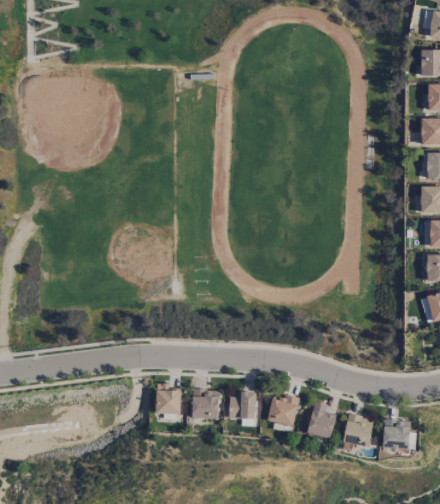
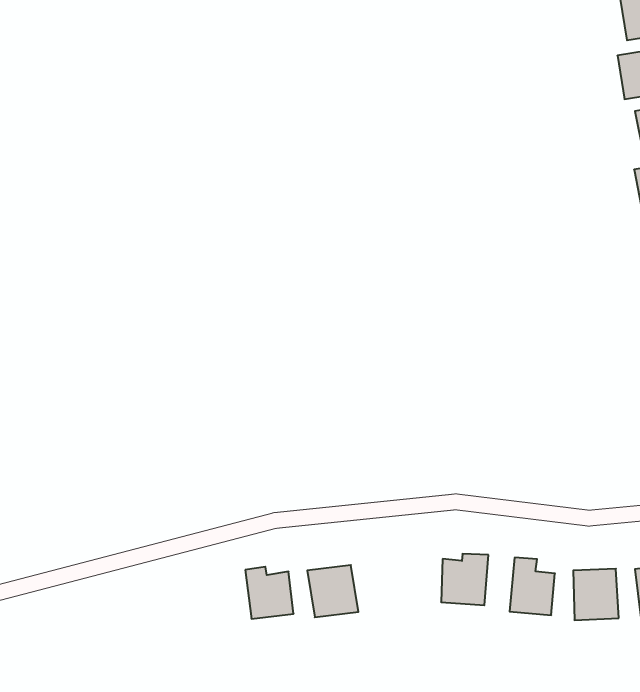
building: [228,391,255,418] -> none

